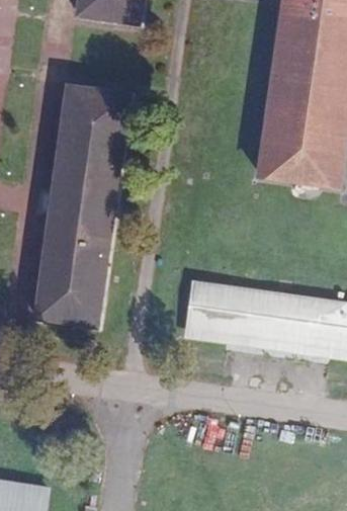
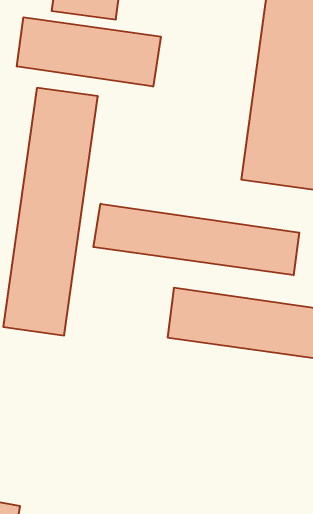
building: none -> [17,17,161,87]
building: none -> [93,204,299,275]

